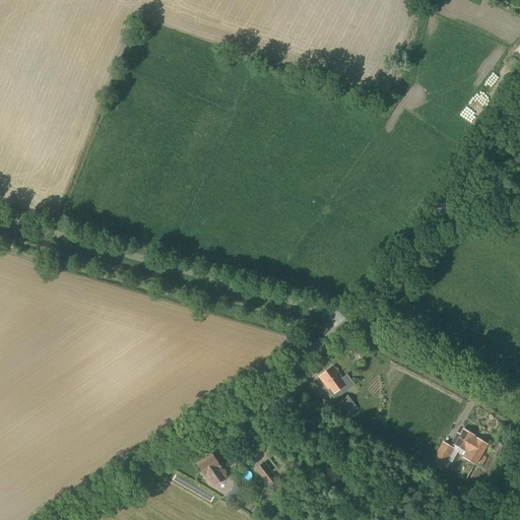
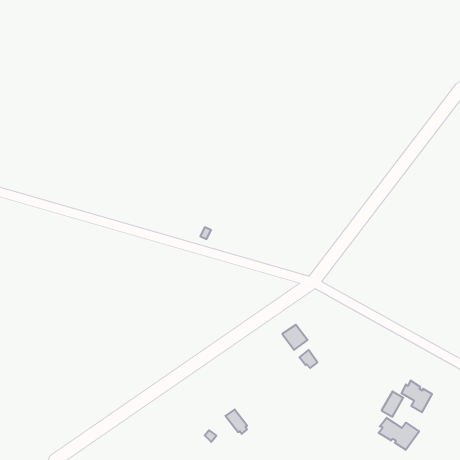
building: [199,455,228,486] -> none
building: none -> [379,418,419,450]

